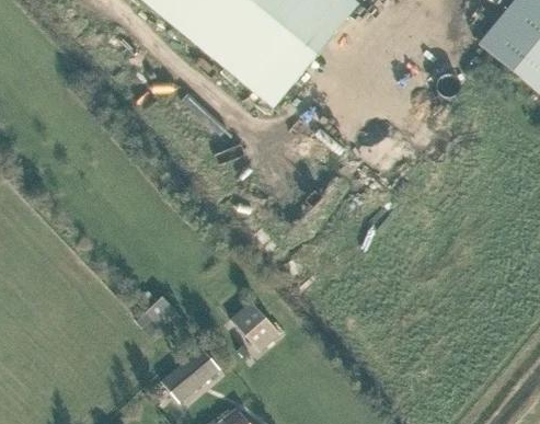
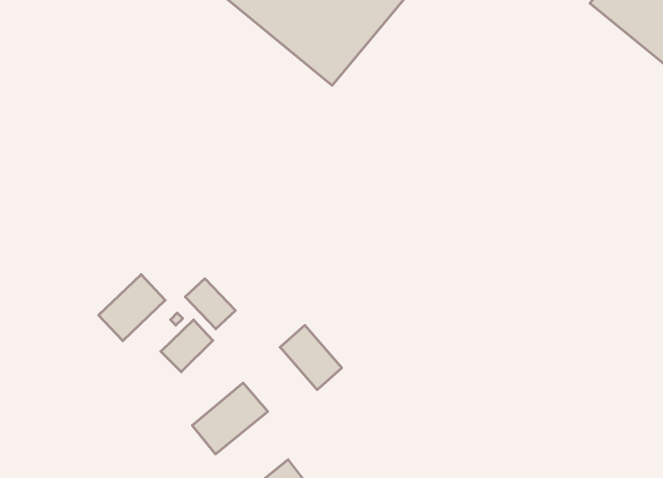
building: none -> [99,274,165,341]
building: none -> [185,279,235,329]

